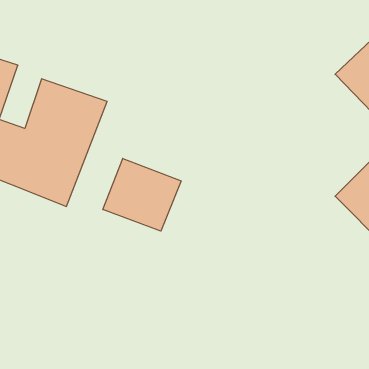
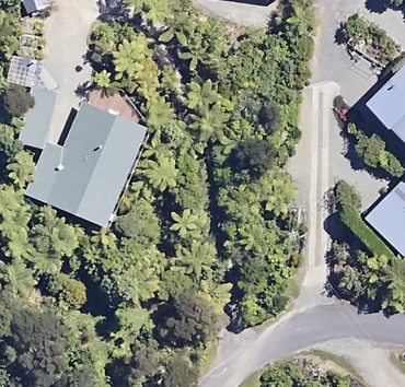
building: [103,158,181,231] -> none

